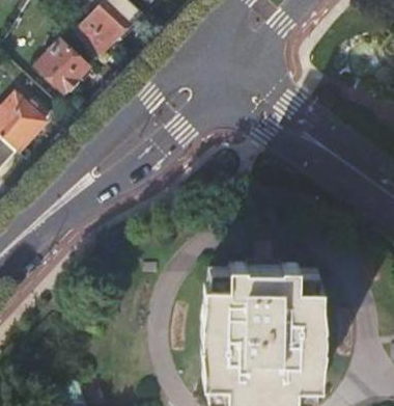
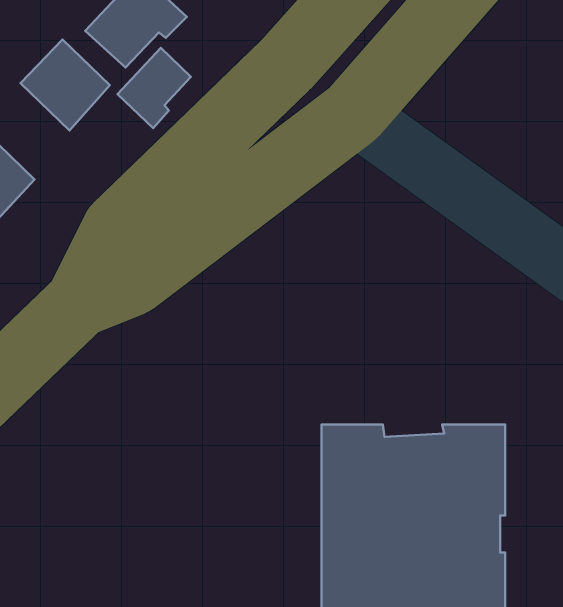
building: none -> [117,48,191,128]

